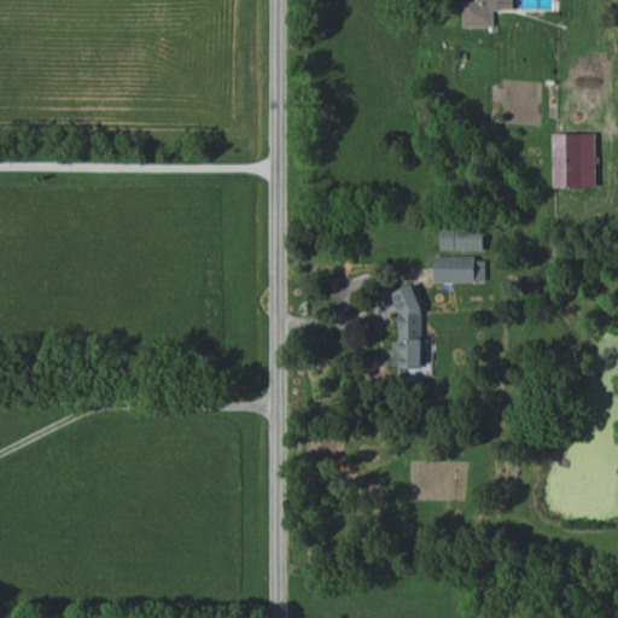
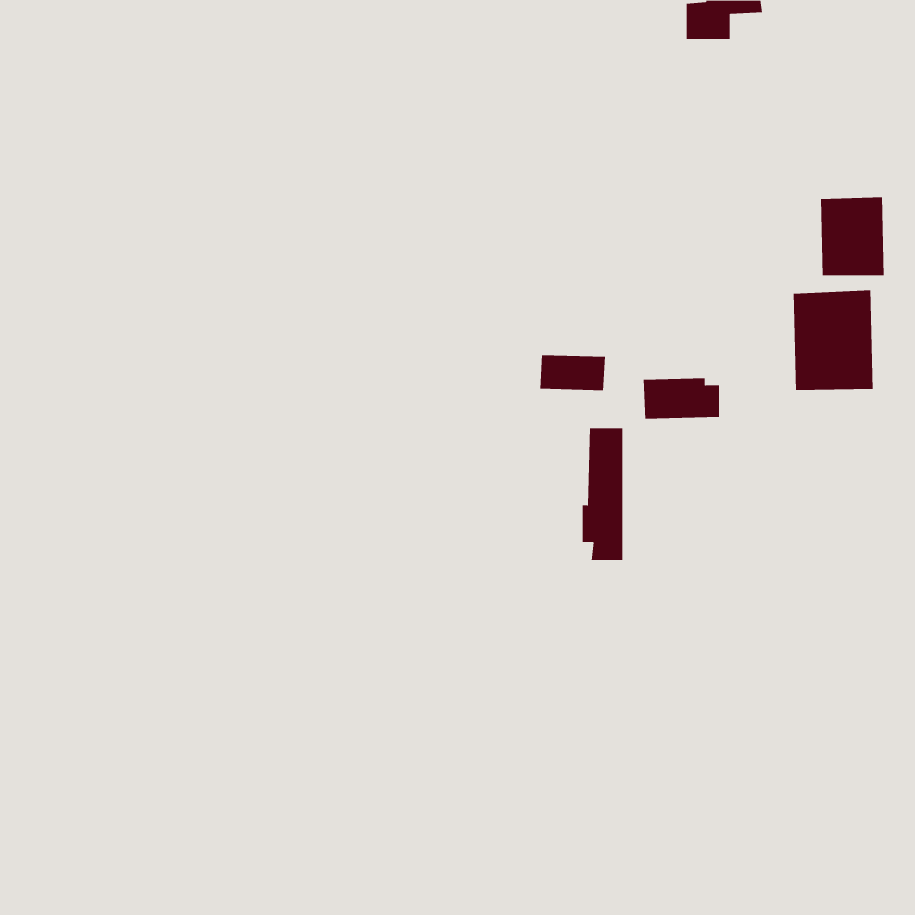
building: none -> [793,289,873,391]
building: [439,227,484,251] -> [539,355,606,391]

